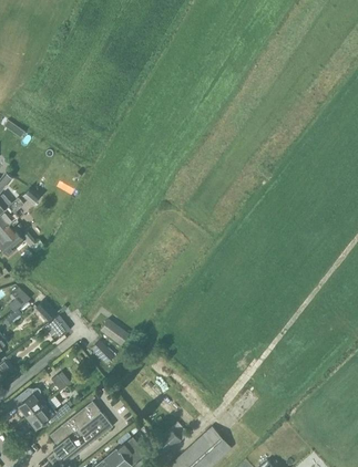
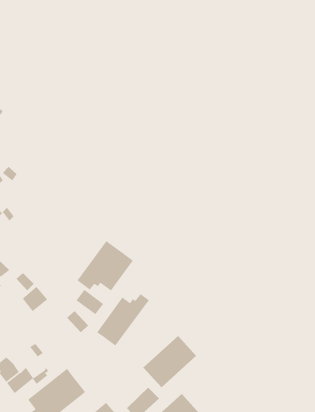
building: none -> [77,240,134,292]
building: none -> [96,293,150,346]
building: none -> [143,335,197,388]

